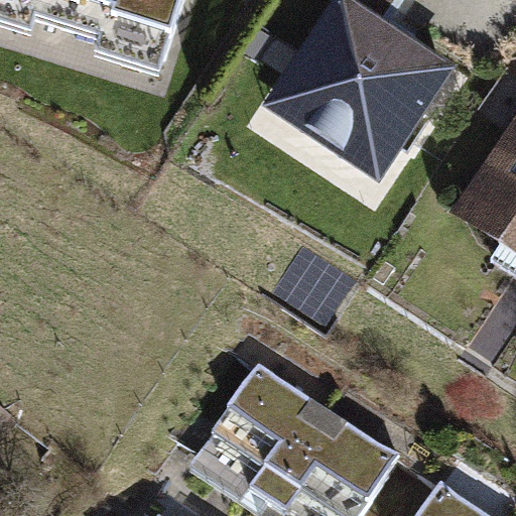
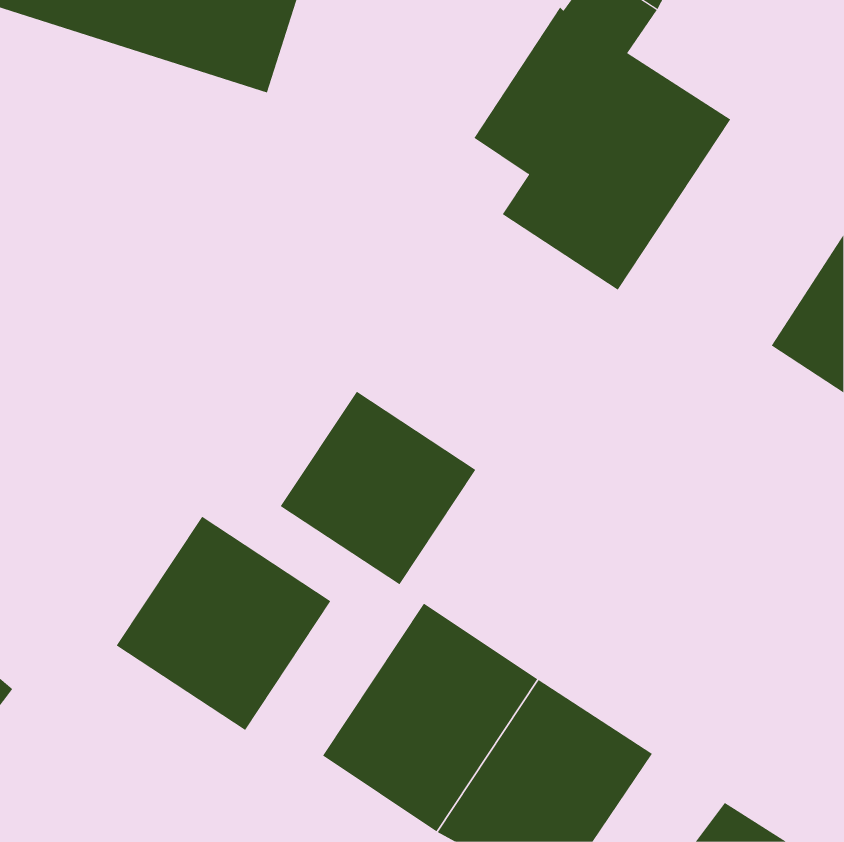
building: none -> [280,391,476,585]
building: none -> [116,516,331,731]

